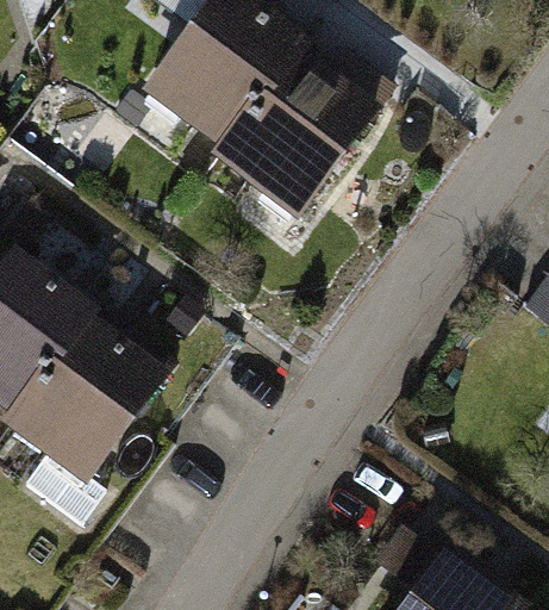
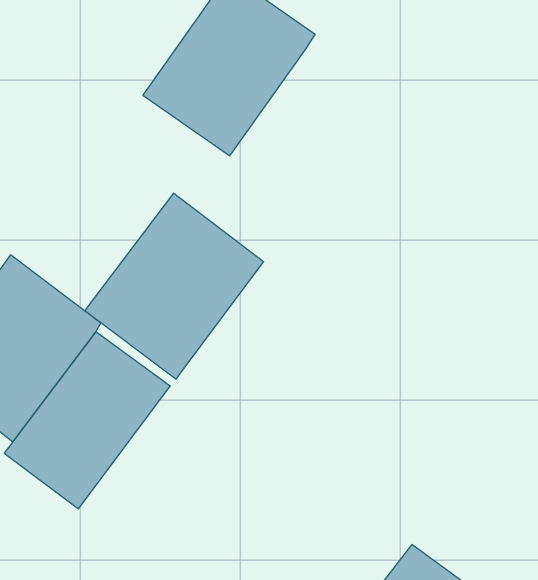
building: [217,49,383,225] -> none
building: none -> [85,193,264,379]

